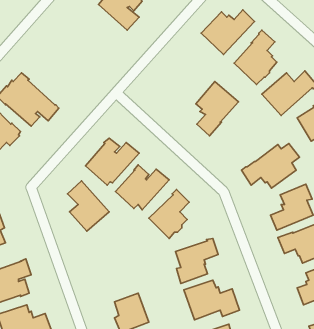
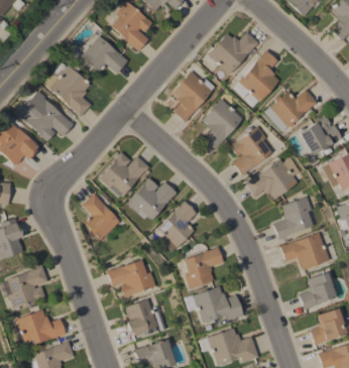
building: none -> [82,36,128,74]
building: none -> [44,64,92,116]
building: none -> [171,71,213,122]
building: none -> [230,126,272,175]
building: none -> [108,259,156,297]

